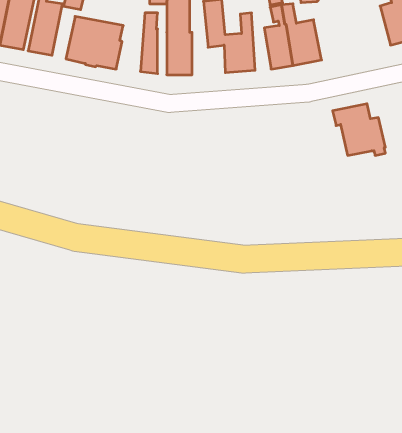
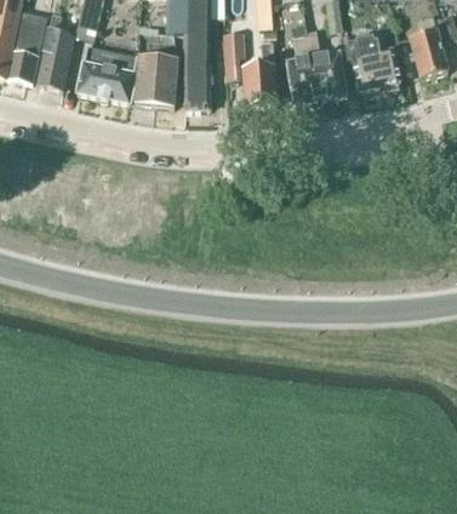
building: none -> [135,41,160,104]
building: [333,104,385,155] -> [343,35,399,90]

